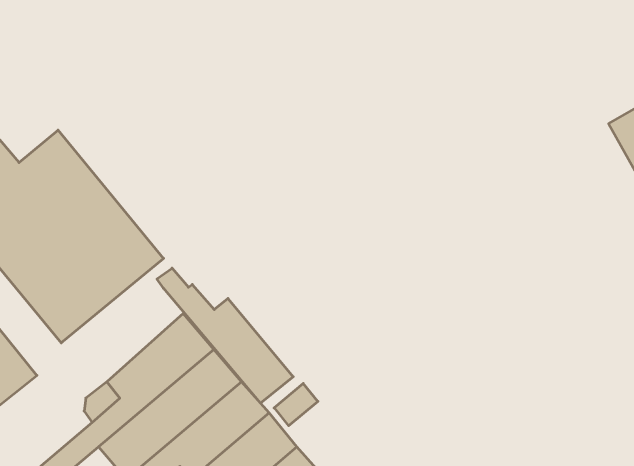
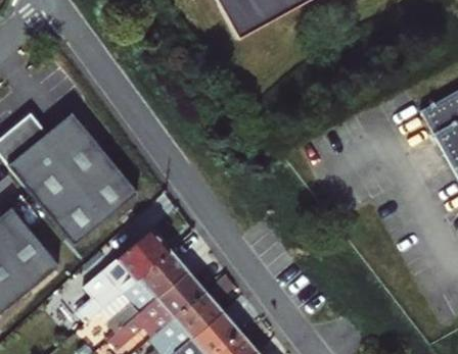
building: [157,268,293,403] -> none

